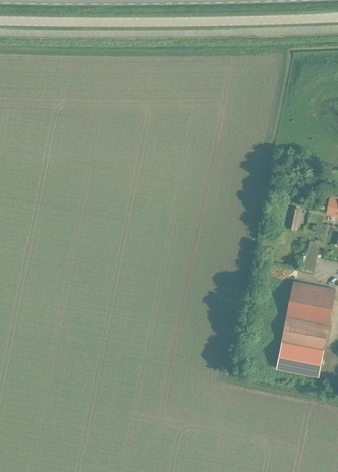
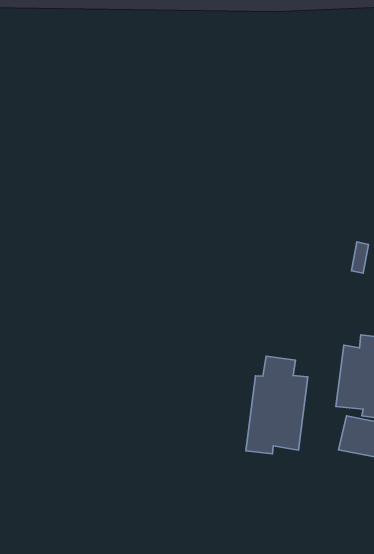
building: none -> [246,356,308,454]

